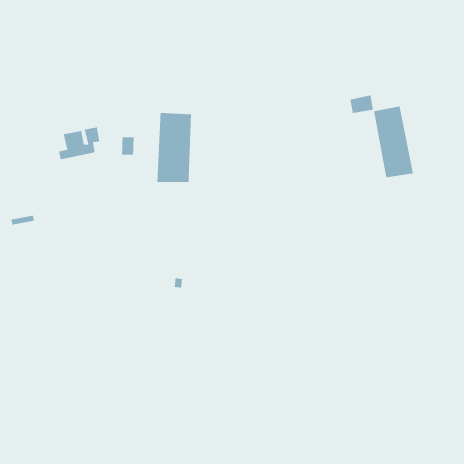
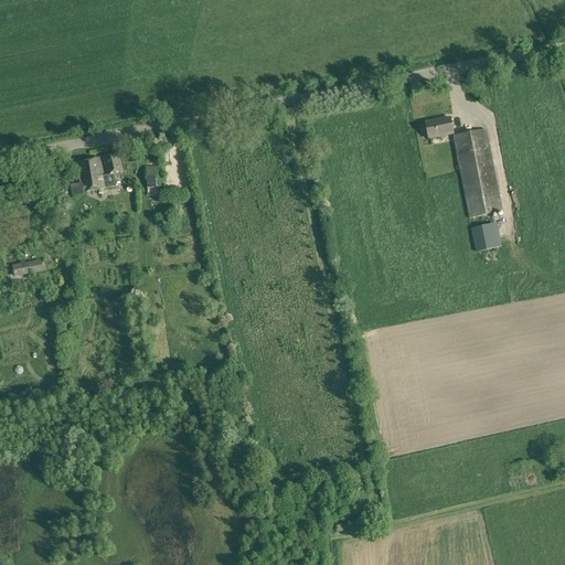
building: [156,112,192,183] -> none
building: none -> [471,223,499,250]

